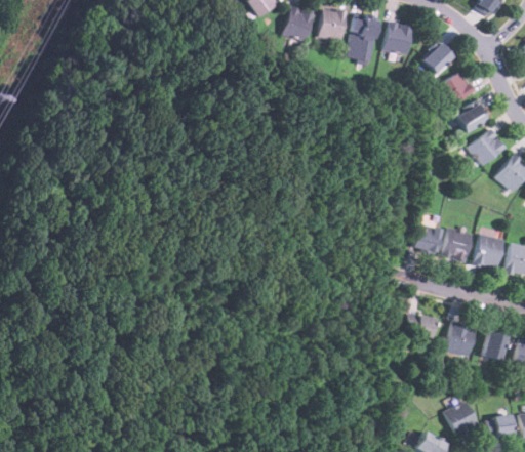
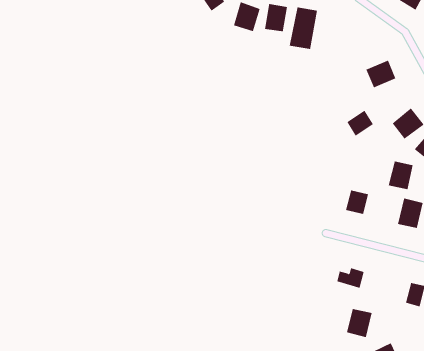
building: [383,22,413,54] -> none
building: [422,42,454,74] -> none
building: [456,102,488,133] -> [346,110,374,136]
building: [442,228,472,261] -> [388,161,414,190]
building: [445,324,476,358] -> [346,309,373,338]

